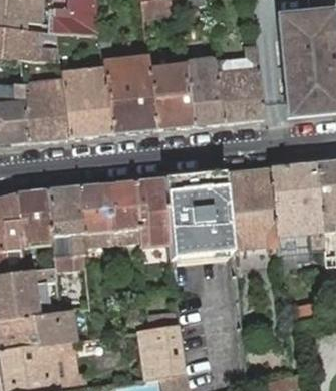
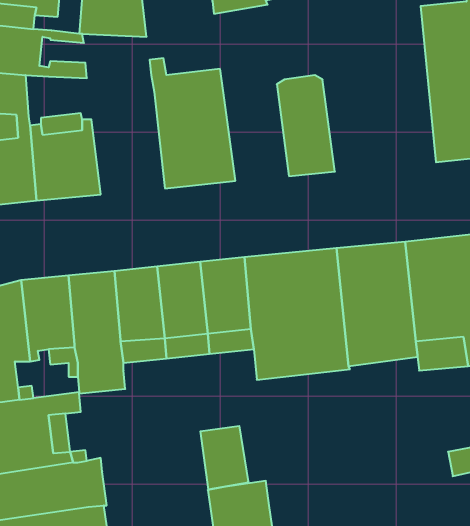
building: [215,45,266,122] -> none
building: [149,65,193,128] -> none
building: [61,70,111,137] -> none
building: none -> [200,426,248,490]

